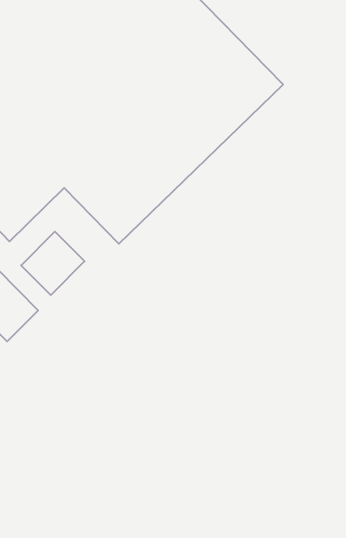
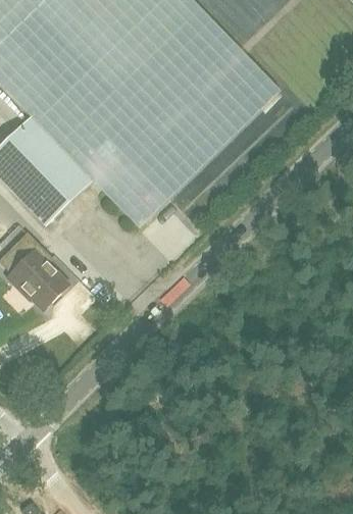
building: [21,232,85,295] -> none

